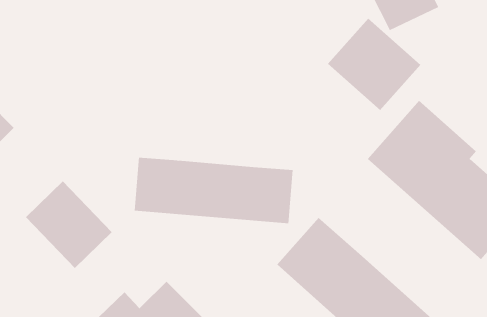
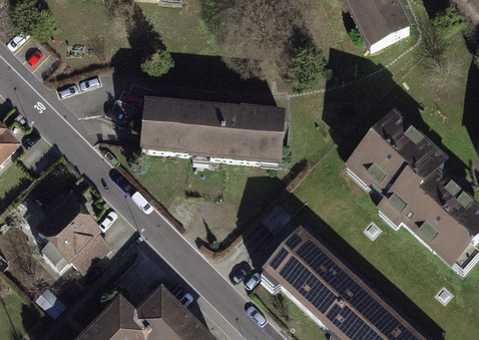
building: [327,18,421,111] -> none
building: [134,157,293,224] -> [137,99,286,161]

